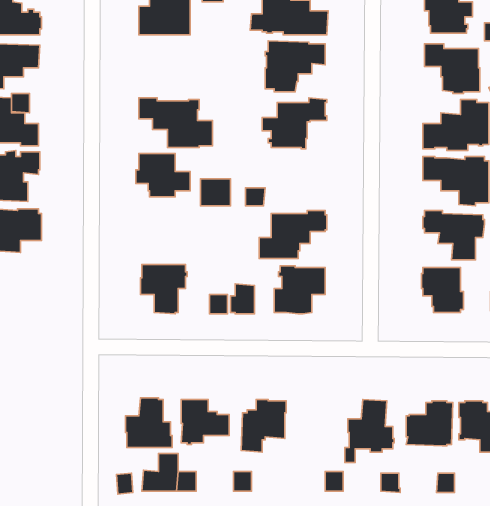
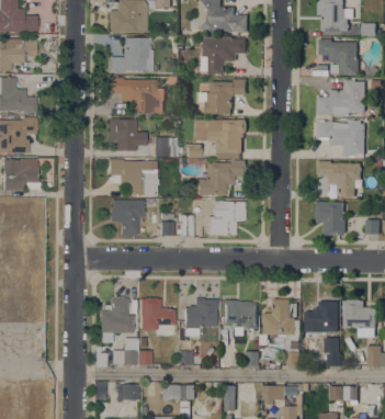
building: none -> [107,37,151,72]
building: none -> [194,118,246,159]
building: none -> [107,159,156,195]
building: none -> [224,301,257,336]

